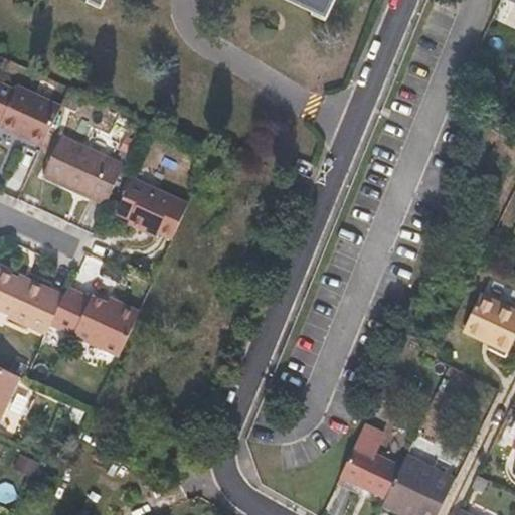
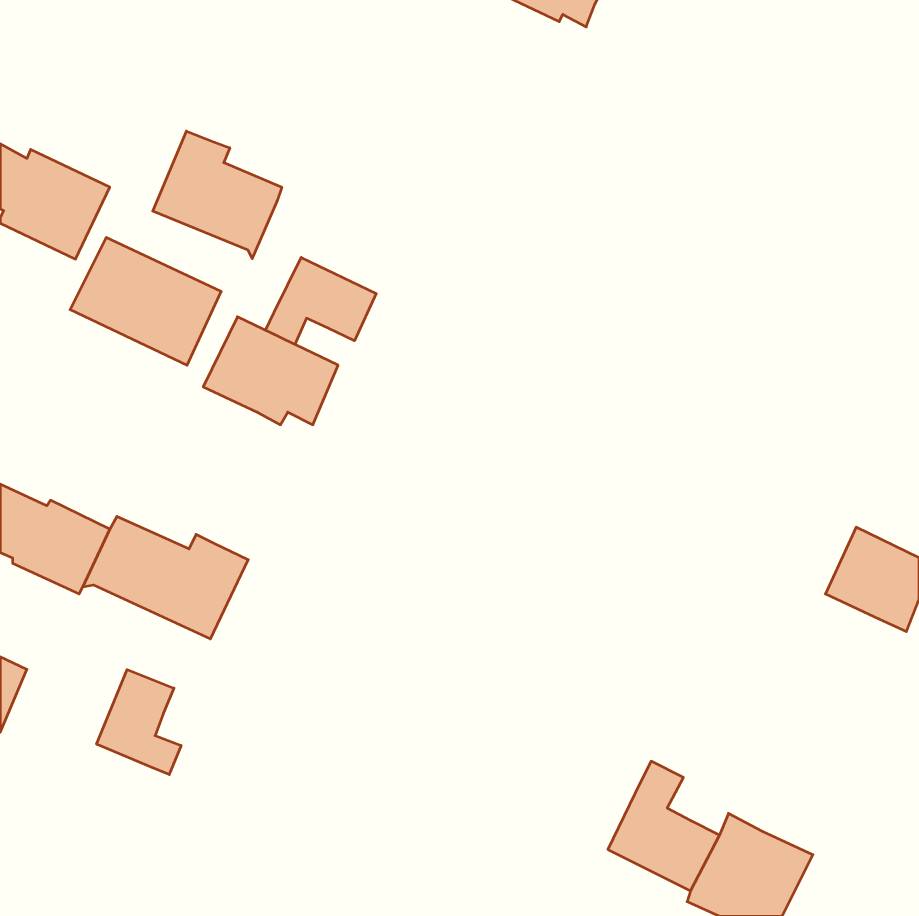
building: none -> [153,131,282,259]
building: none -> [265,257,376,344]
building: none -> [97,670,181,775]

